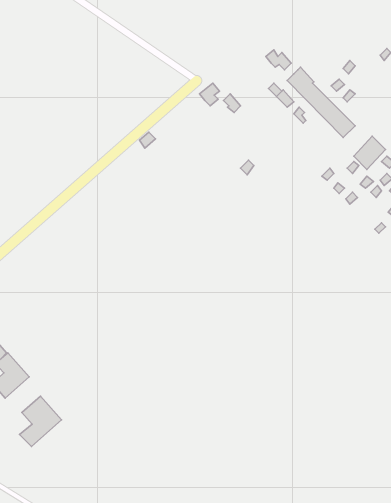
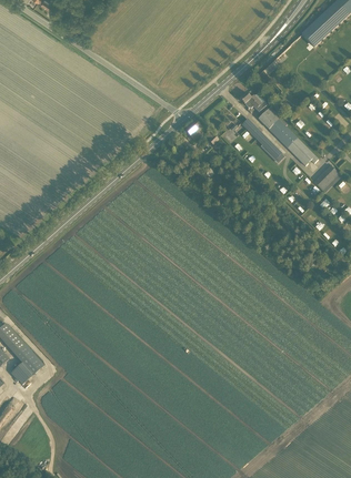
building: [19,396,61,446] -> none

